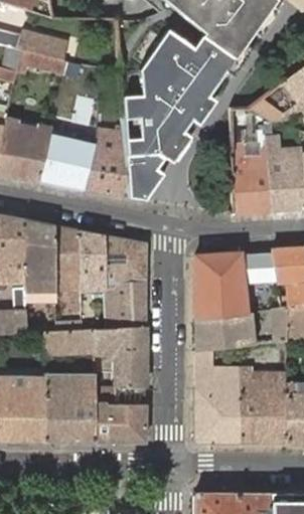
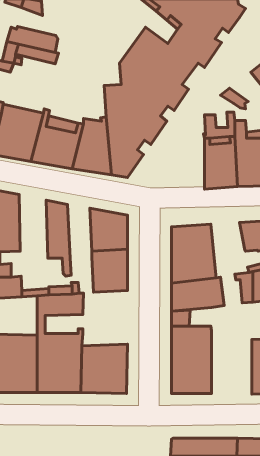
building: [24,219,56,302] -> none
building: [79,230,106,310] -> none
building: [240,250,278,291] -> none
building: [95,327,146,389] -> none
building: [241,372,286,444] -> none

